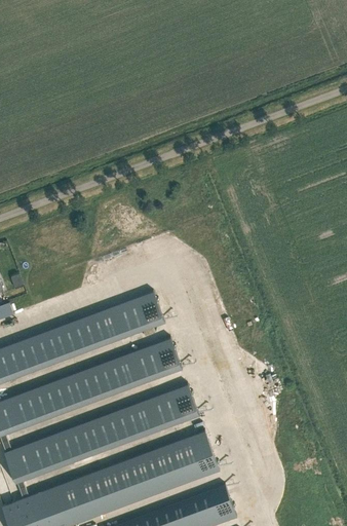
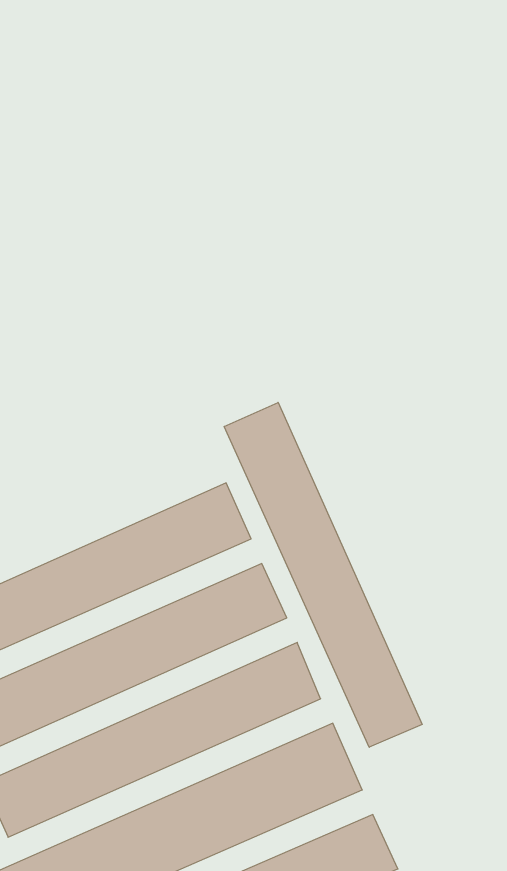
building: none -> [224,402,422,747]

